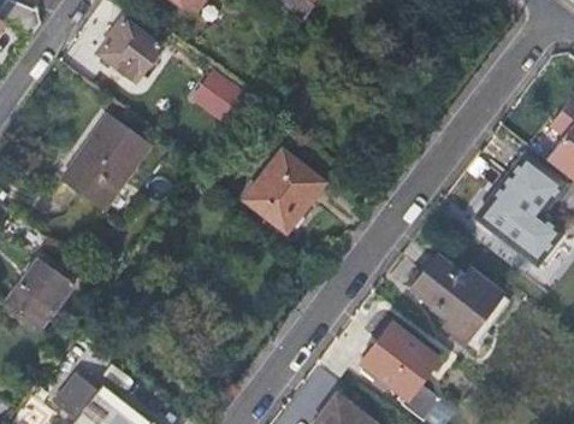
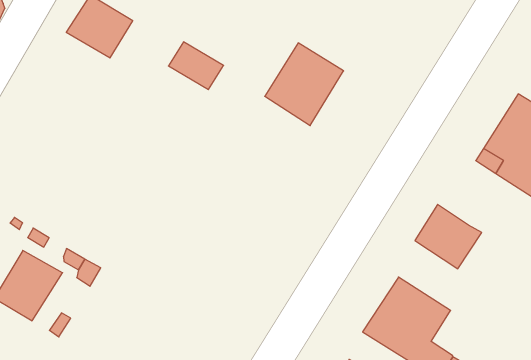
building: [63,116,150,210] -> none
building: [244,152,322,232] -> [265,43,344,126]
building: [445,270,510,348] -> none

